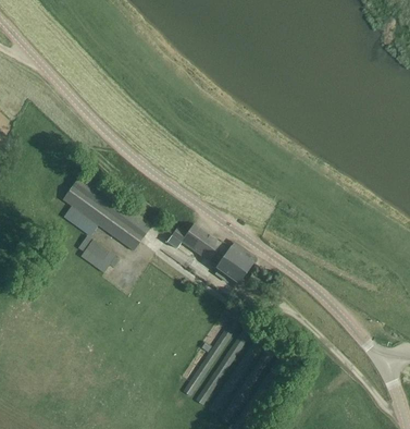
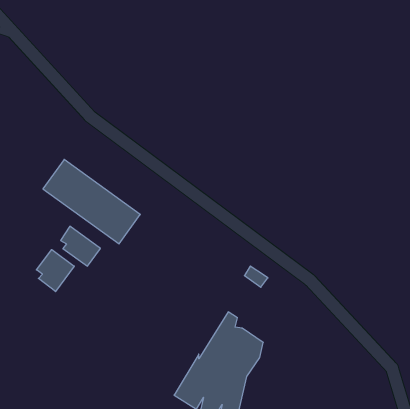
building: [165,224,252,283] -> none
building: none -> [36,250,74,292]

